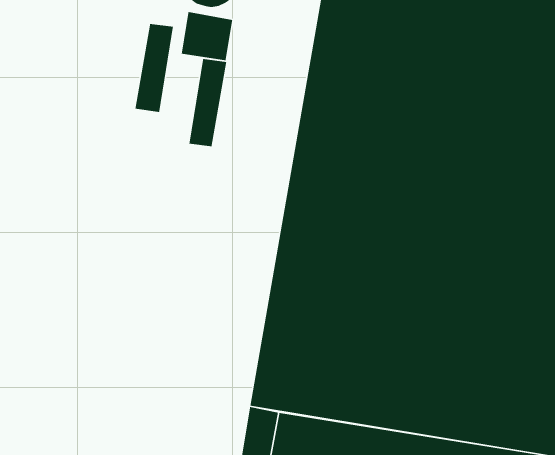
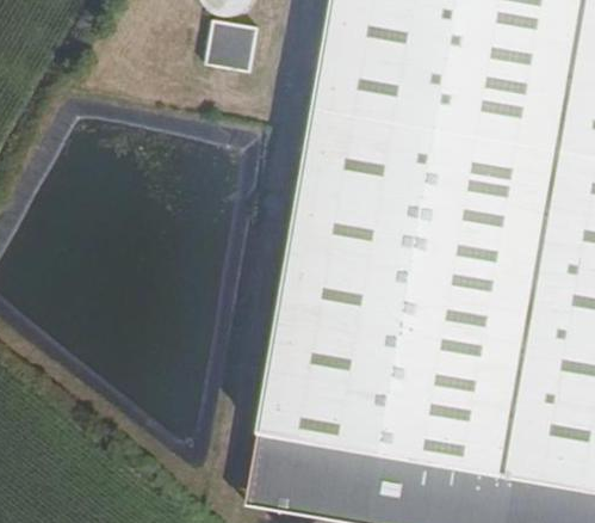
building: [135,23,174,113] -> none
building: [189,58,227,147] -> none

